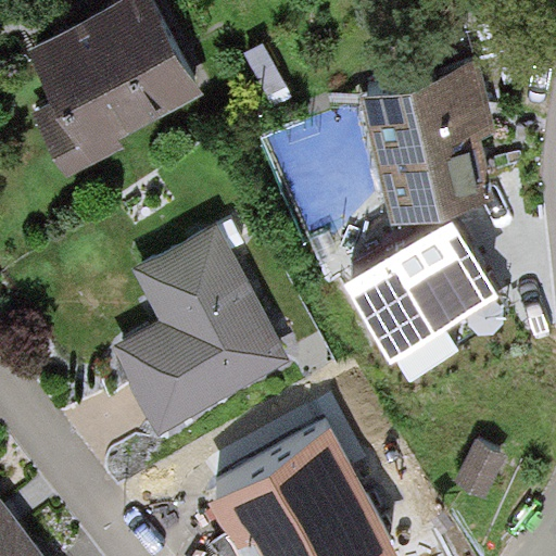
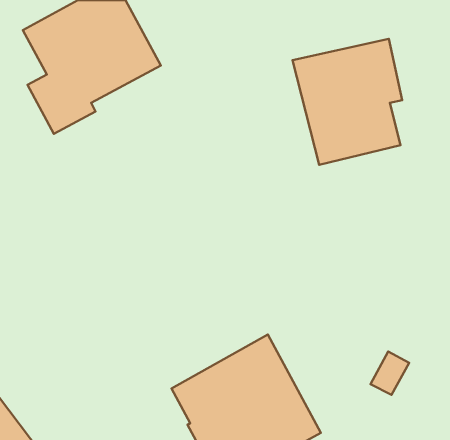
building: [342,212,494,353] -> none
building: [114,230,288,432] -> none

